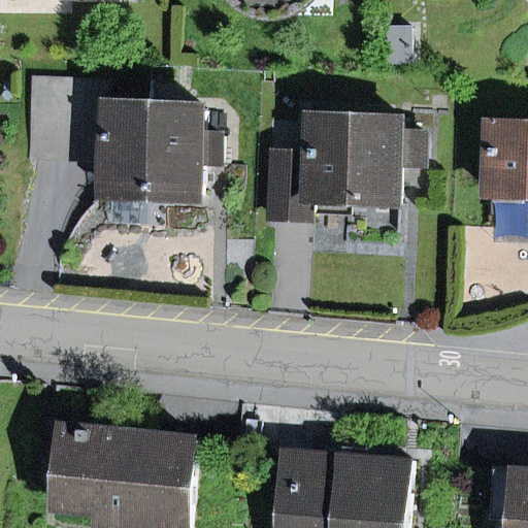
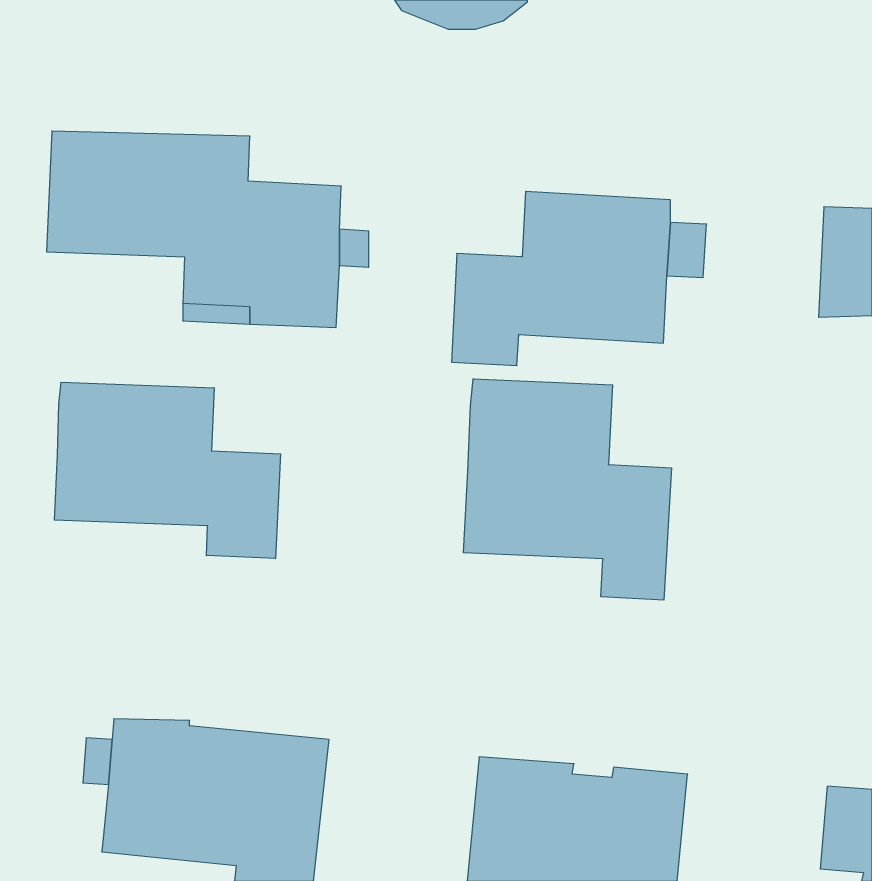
building: none -> [463,379,671,600]
building: none -> [55,382,281,559]

